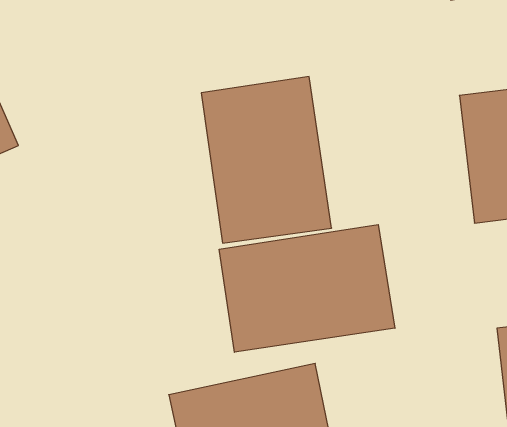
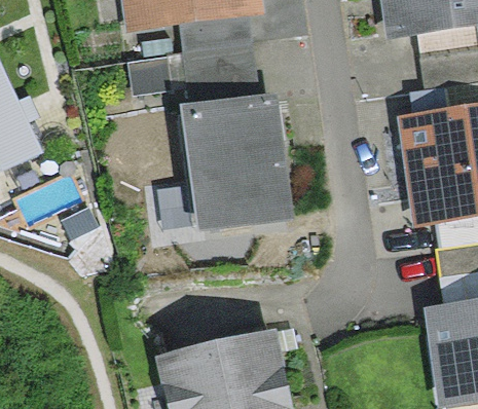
building: [219,225,395,352] -> none

